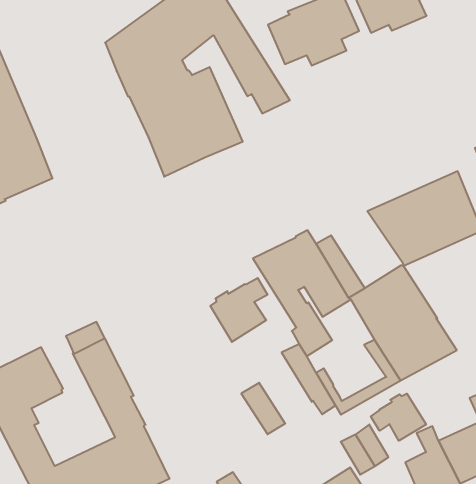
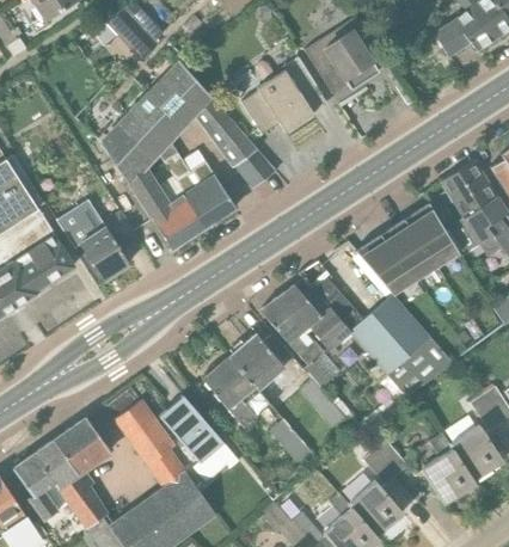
building: none -> [62,205,137,278]
building: none -> [203,357,269,420]
building: none -> [160,397,226,466]
building: [371,394,426,441] -> none

